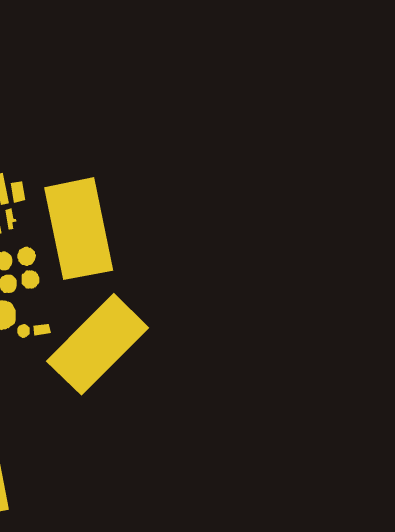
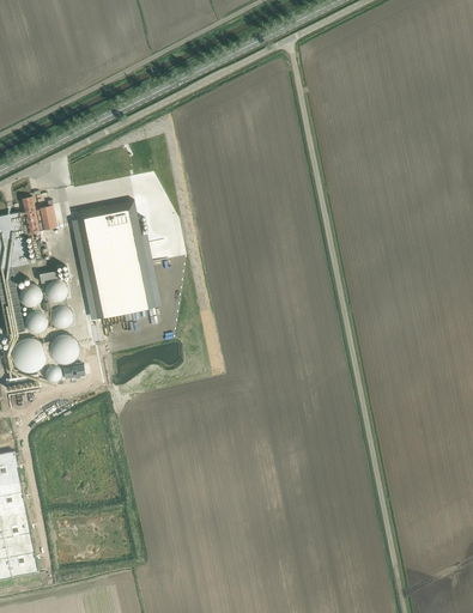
building: [45,292,150,396] -> none
building: none -> [49,333,78,363]

